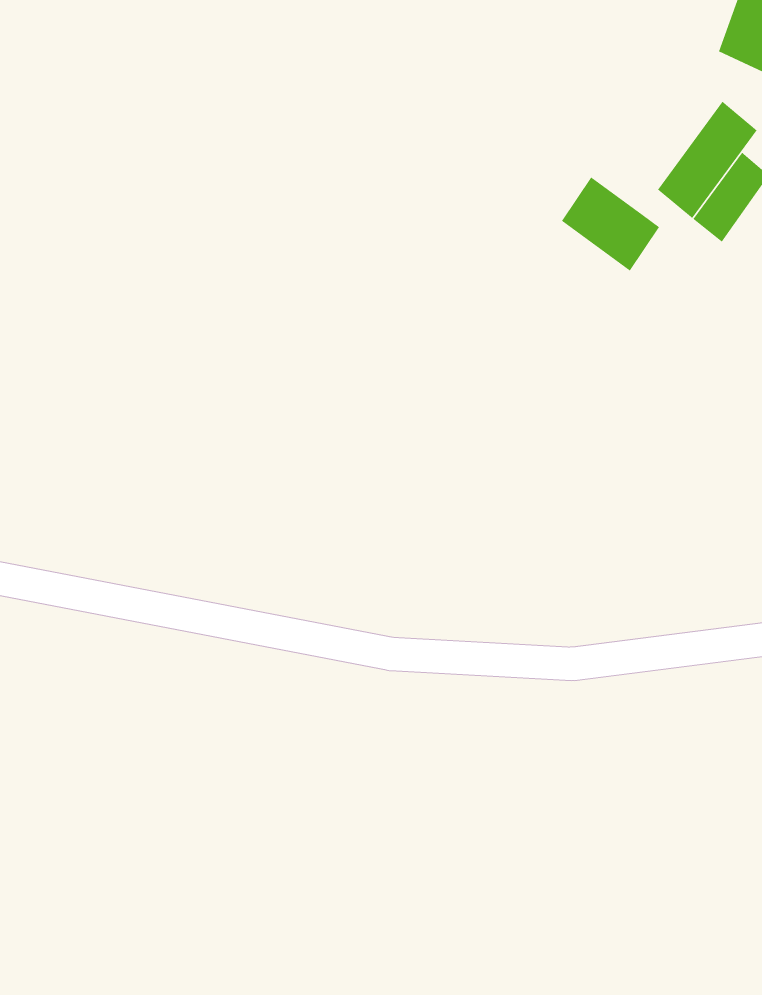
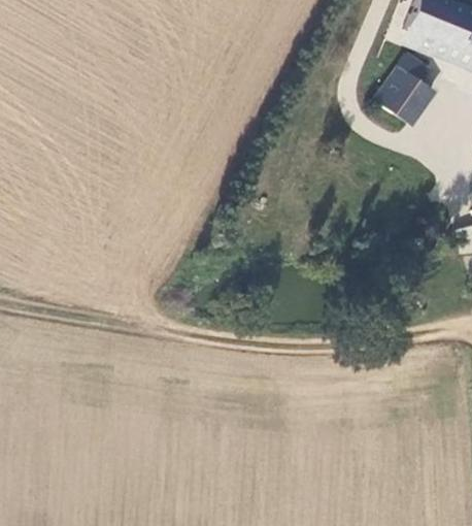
building: [561,177,660,272] -> none

